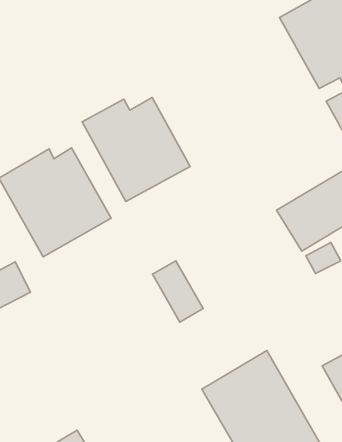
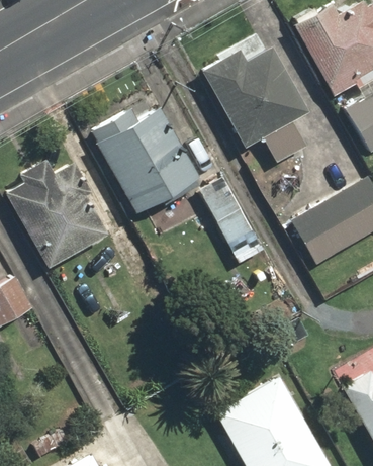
building: none -> [199,32,310,165]
building: [153,261,203,322] -> [202,180,255,244]

